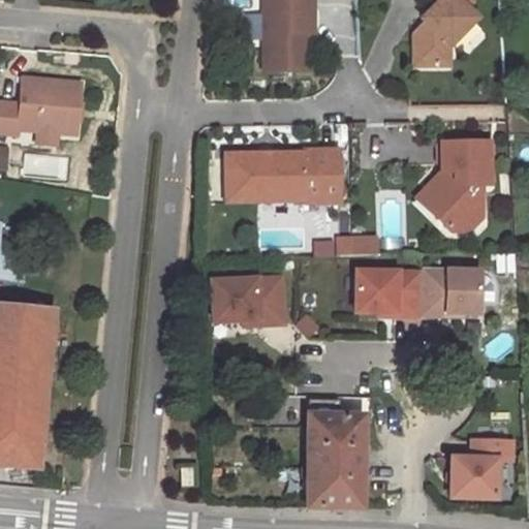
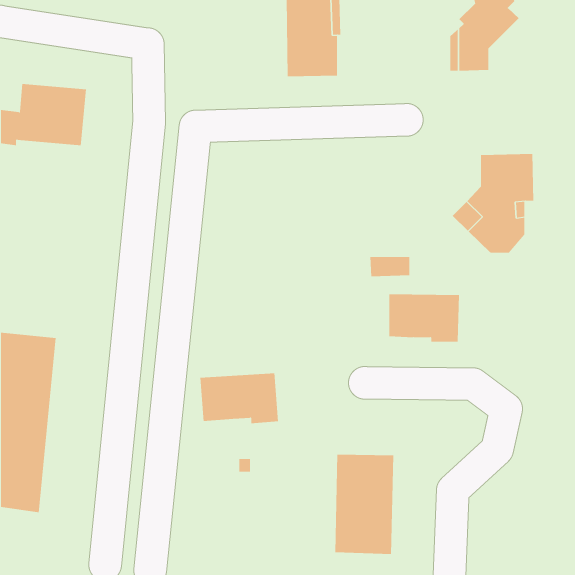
building: [225,149,340,204] -> none
building: [422,267,481,312] -> none
building: [212,276,284,322] -> [200,373,279,424]
building: [454,438,516,496] -> none

